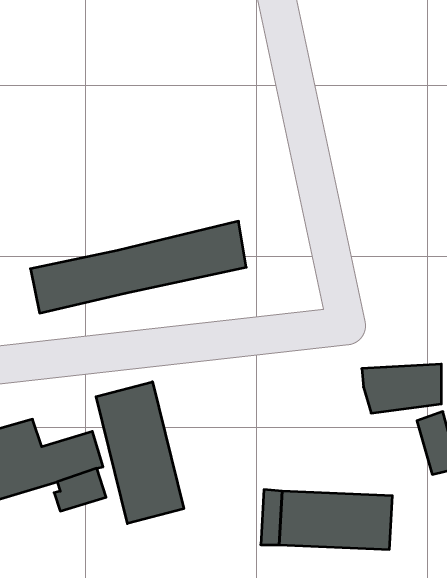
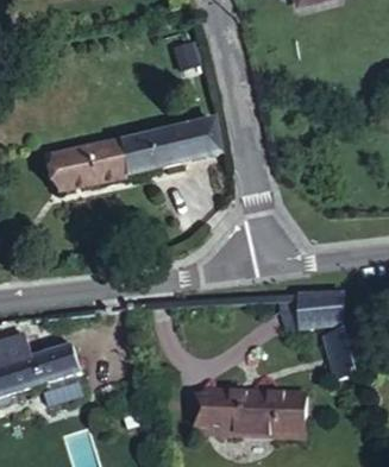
building: [30,221,246,313] -> [50,118,218,189]
building: [96,382,184,524] -> none

